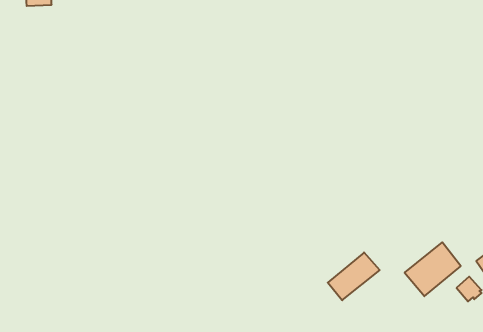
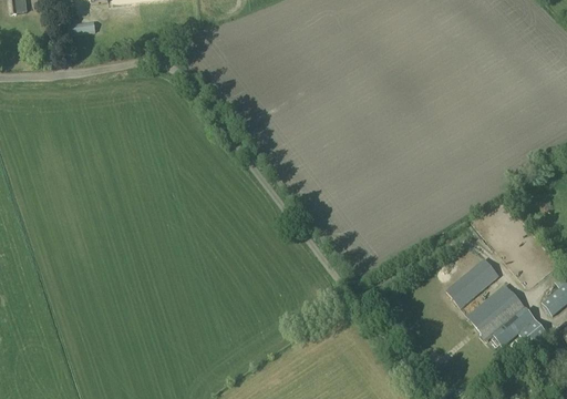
building: [328,252,380,300] -> [445,257,501,308]

